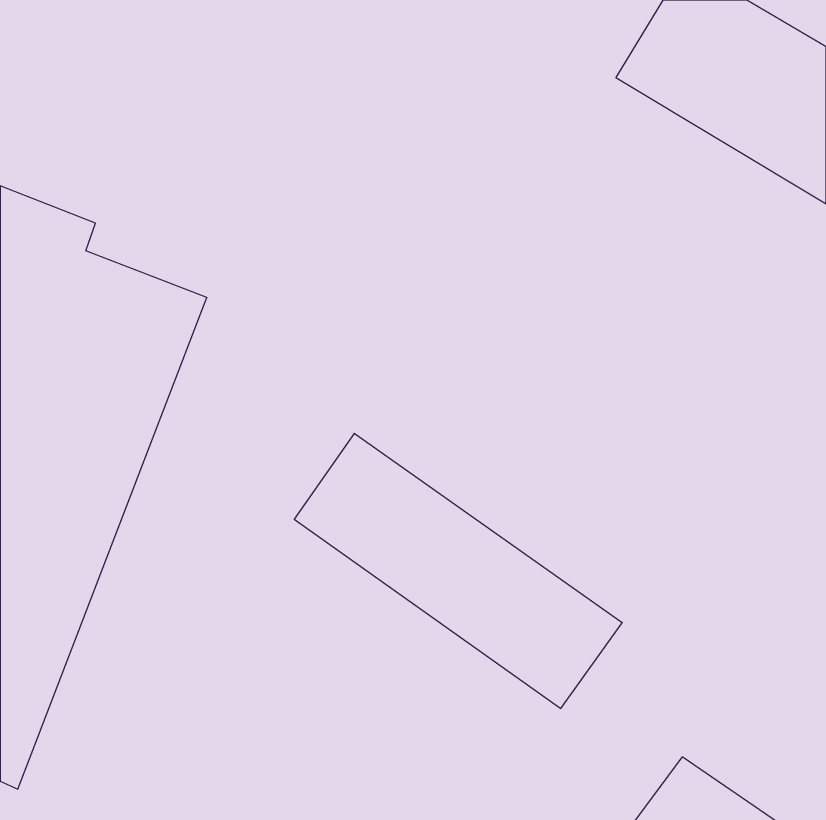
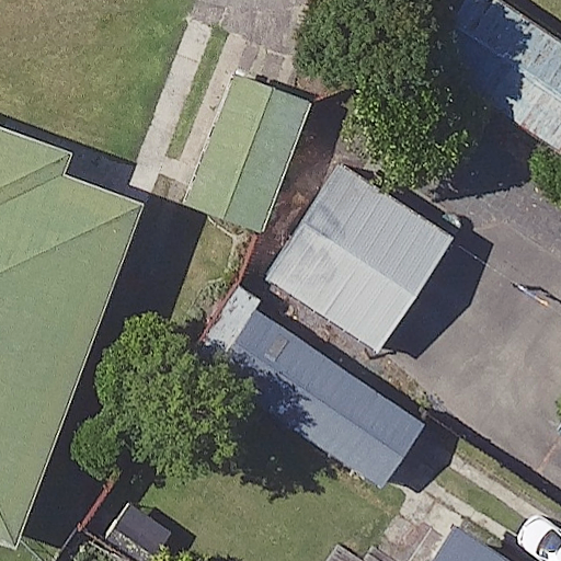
building: none -> [274,165,455,346]

